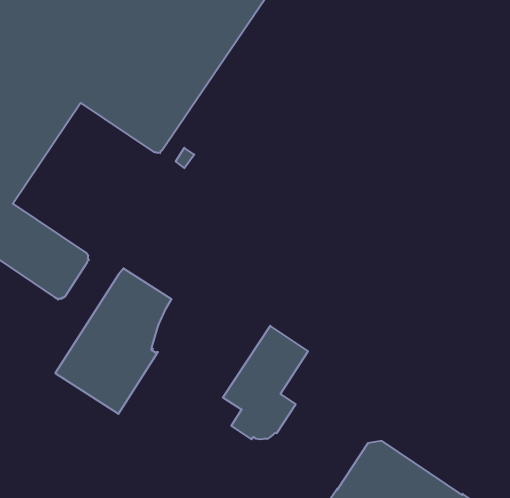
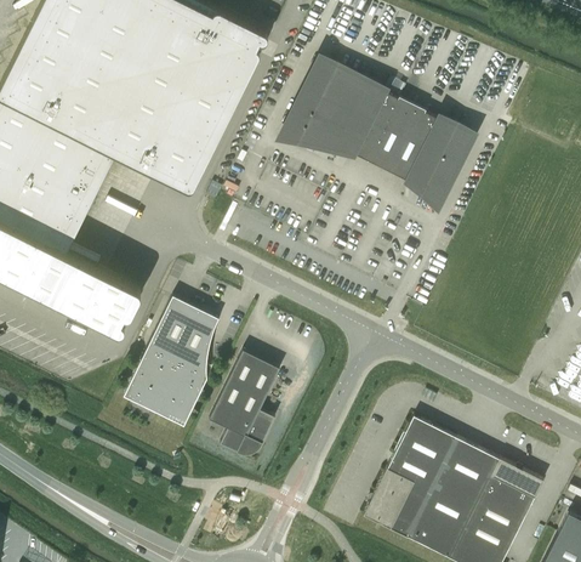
building: none -> [280,59,472,208]
building: [223,326,308,439] -> [209,352,279,455]

